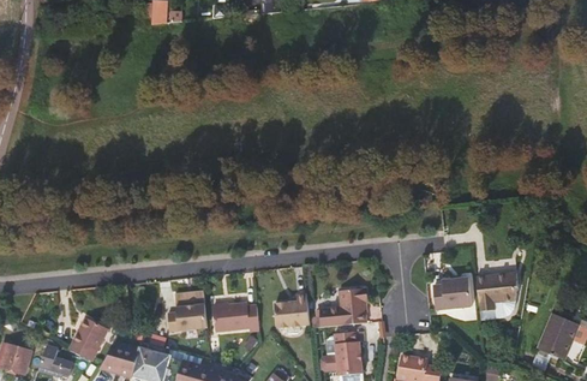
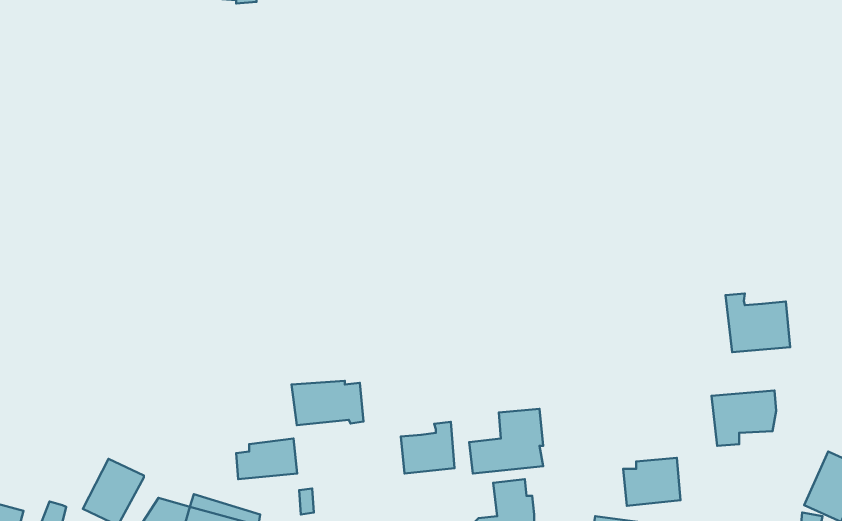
building: none -> [725,294,790,352]
building: [433,278,471,309] -> [623,458,681,506]
building: [211,303,258,332] -> [291,381,363,425]

